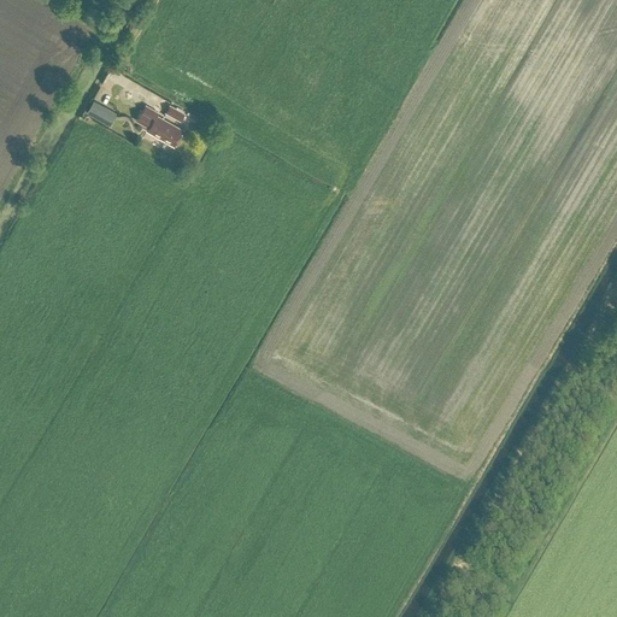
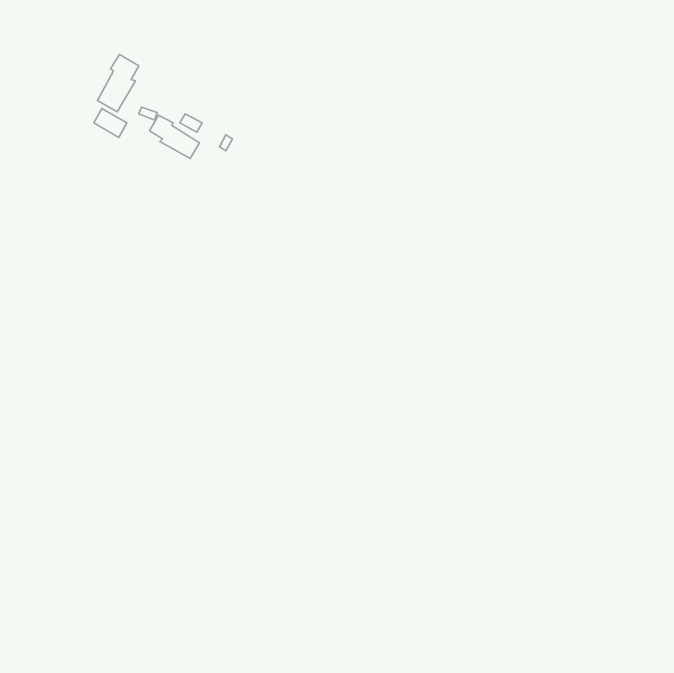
building: none -> [98,54,139,112]

